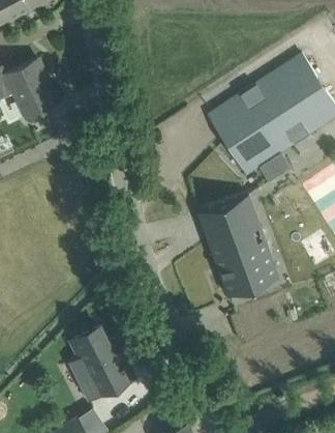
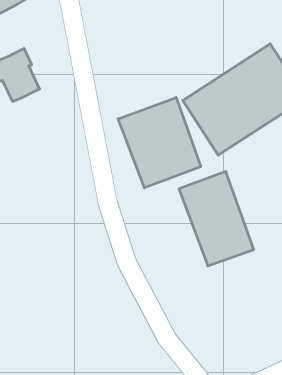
building: none -> [118,97,201,188]
building: [69,329,130,395] -> none

